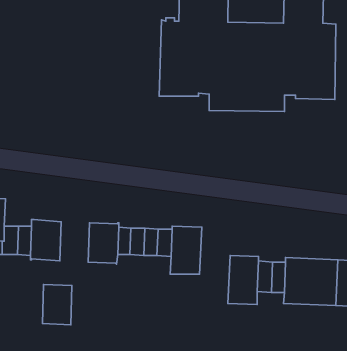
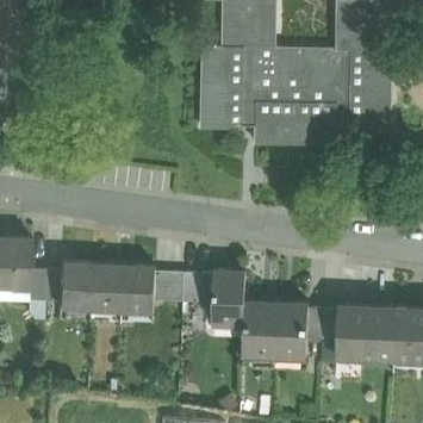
building: none -> [242,299,276,353]
building: [43,284,72,325] -> [91,263,123,307]

